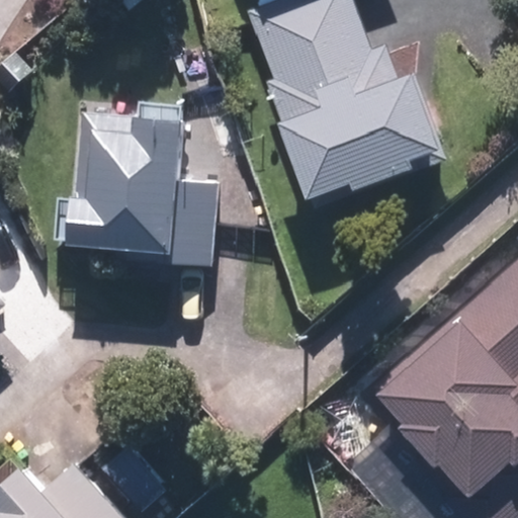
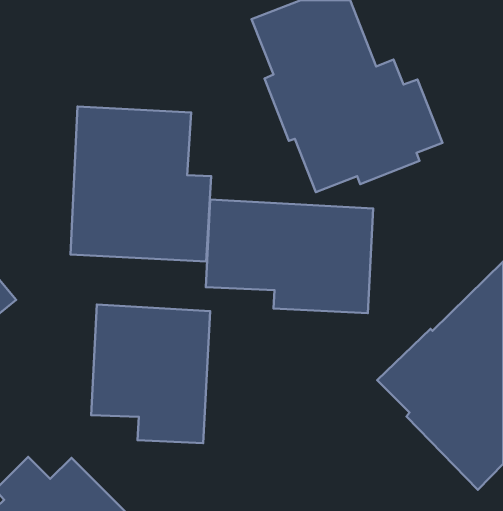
building: none -> [206,200,373,313]
building: none -> [91,305,210,443]

